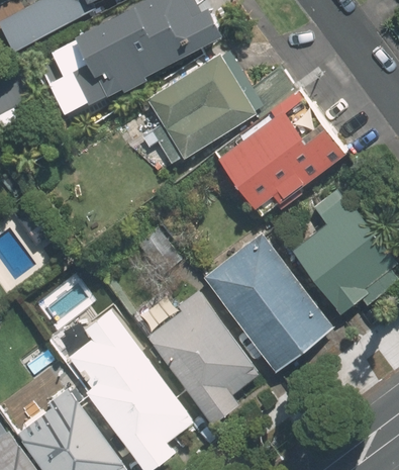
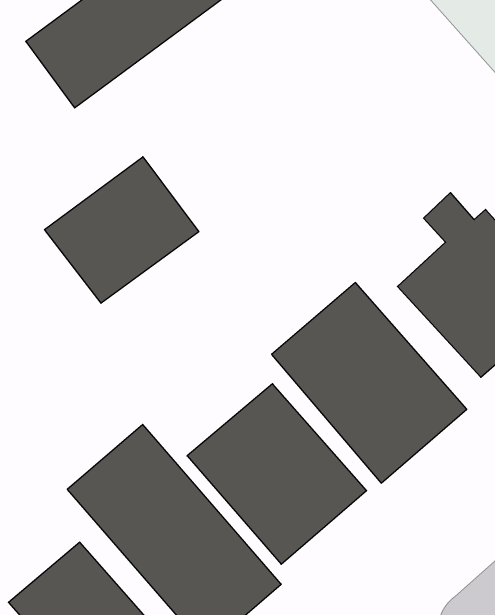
building: [144,54,266,162] -> none
building: [218,90,341,204] -> none
building: none -> [45,157,199,303]

